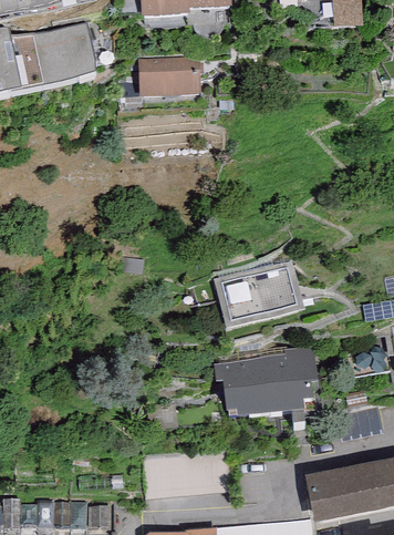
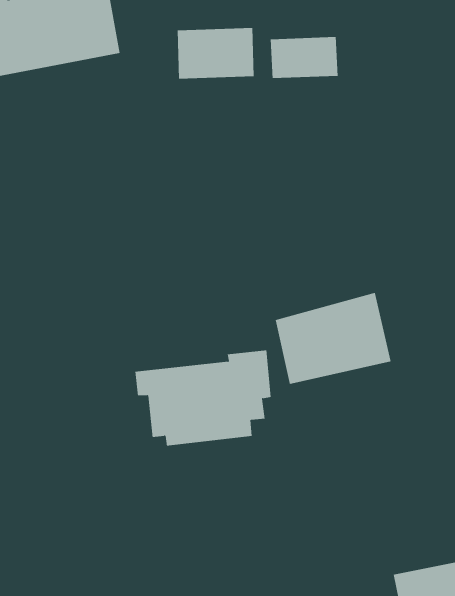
building: none -> [270,36,338,79]
building: [212,346,318,420] -> [134,350,271,446]

